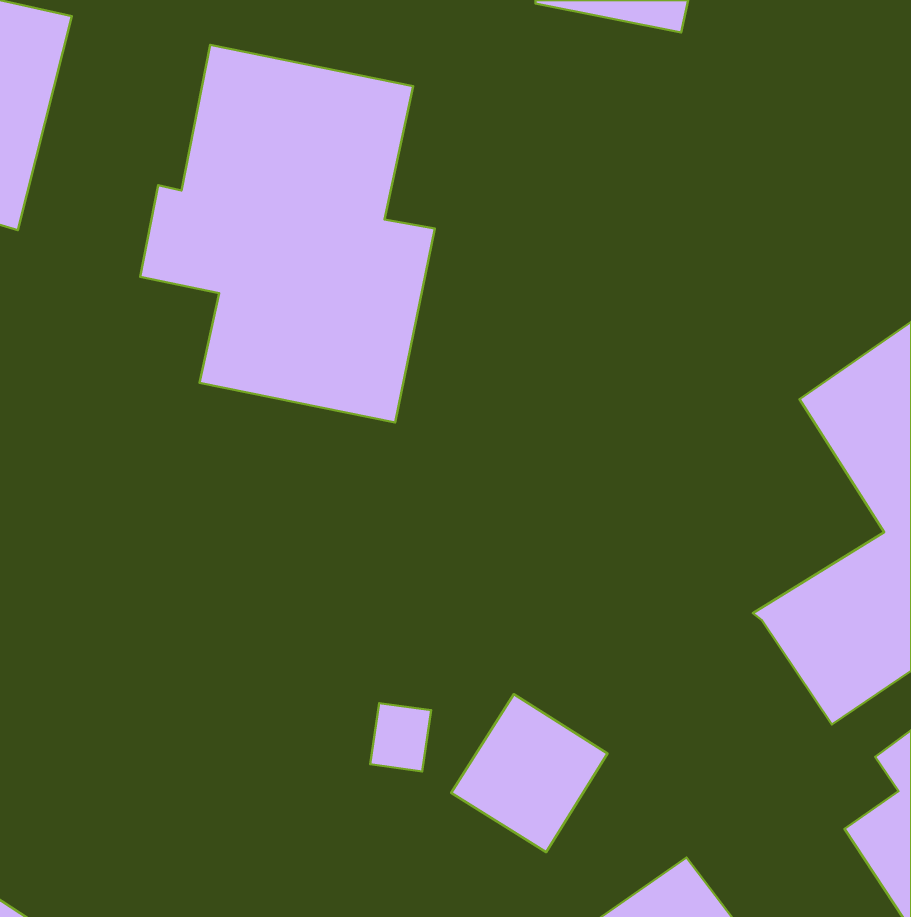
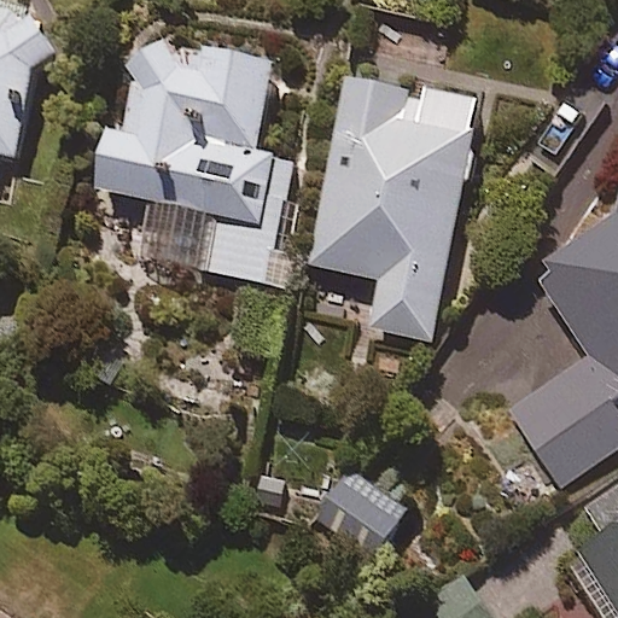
building: none -> [309,71,482,342]

